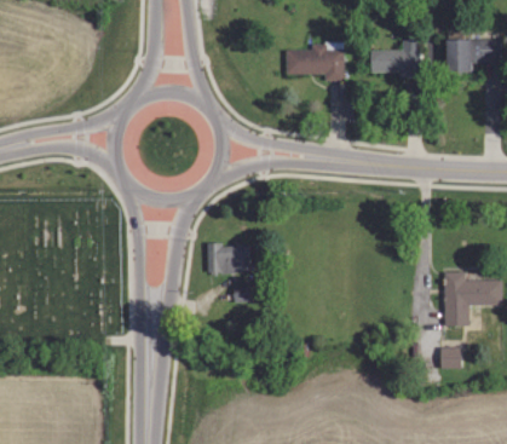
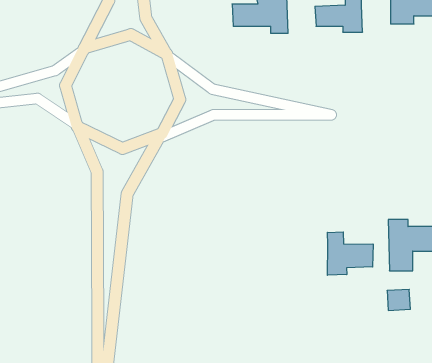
building: [207,244,249,275] -> none
building: none -> [327,232,373,275]

